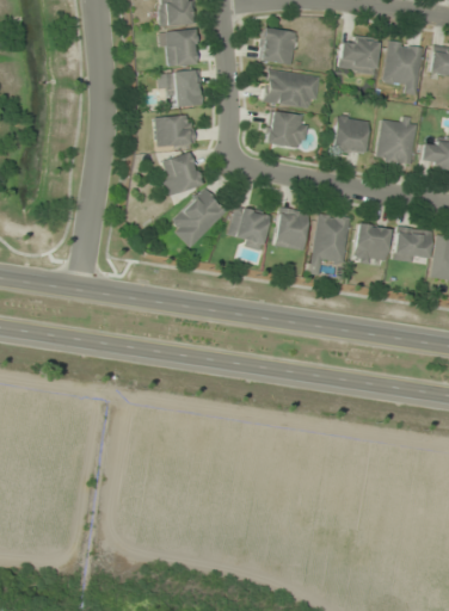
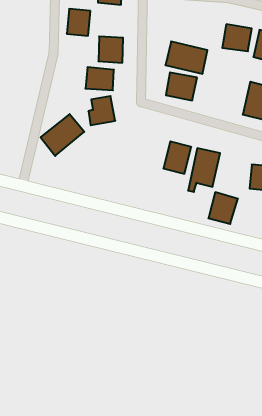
building: [260,29,296,63] -> none
building: [167,31,197,66] -> [67,9,90,36]
building: [332,117,368,154] -> none
building: [168,189,228,248] -> [41,114,84,156]
building: [228,205,270,251] -> none
building: [352,223,390,265] -> [208,192,238,224]

